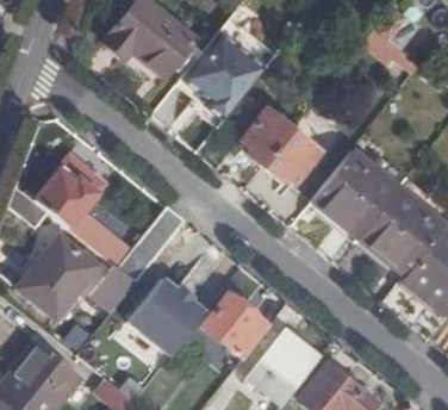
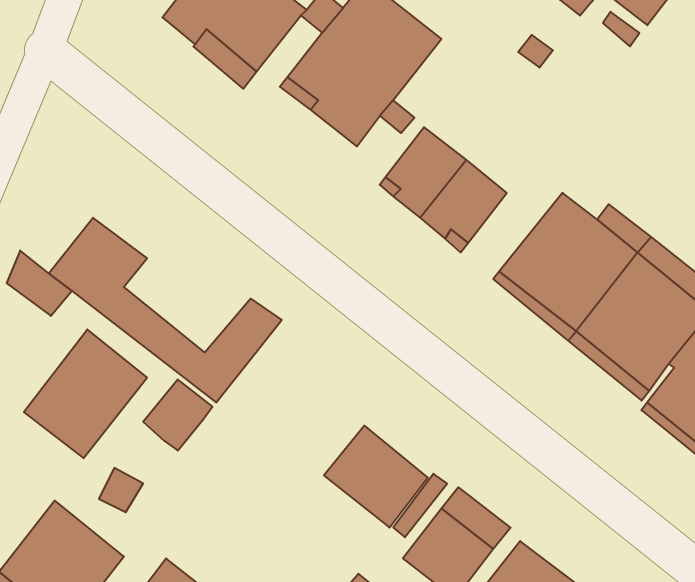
building: [126,275,205,354] -> none

